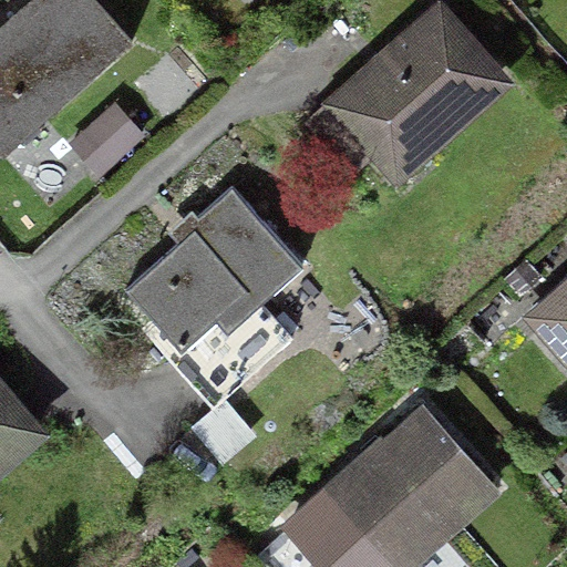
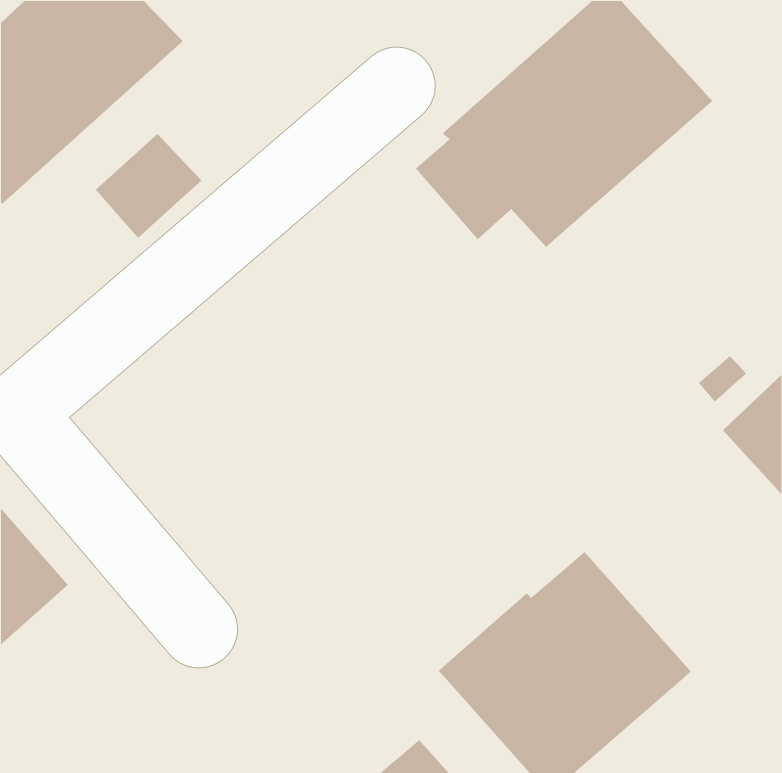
building: [122,187,305,405] -> none

